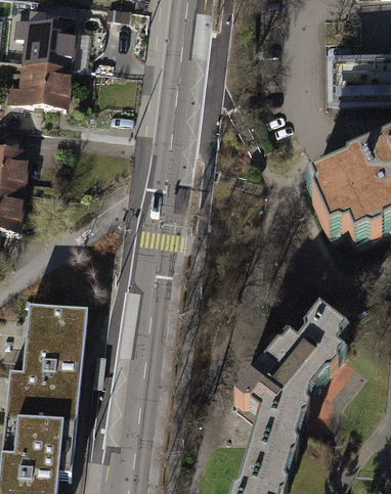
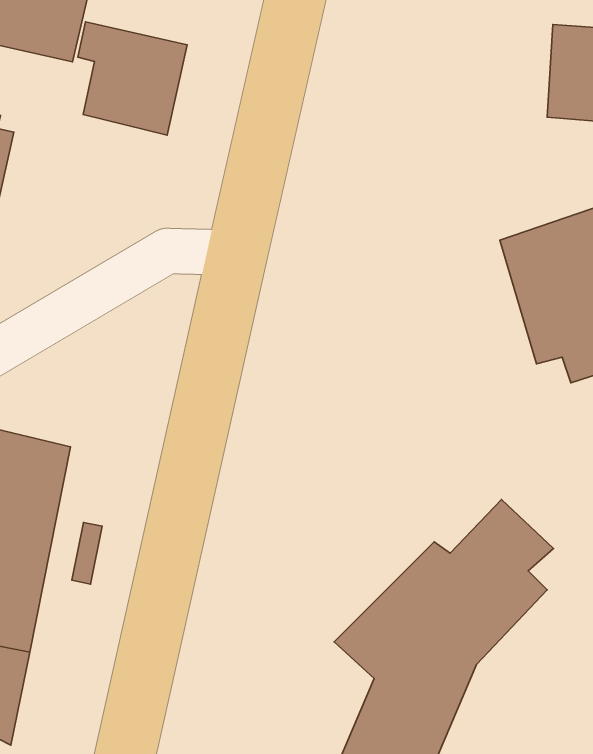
building: none -> [78,22,187,135]

